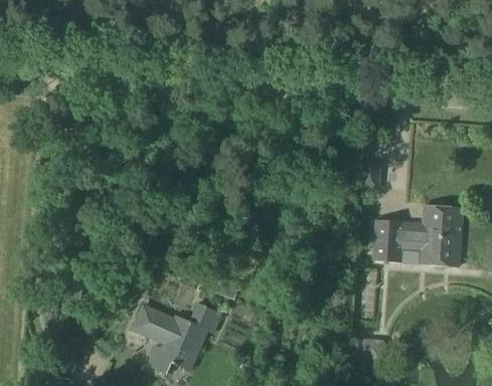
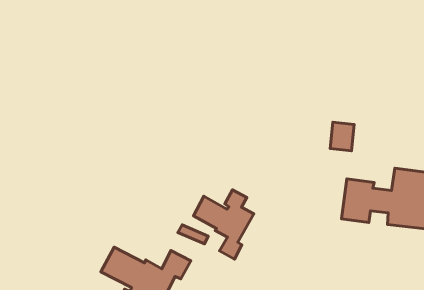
building: none -> [194,190,254,259]

